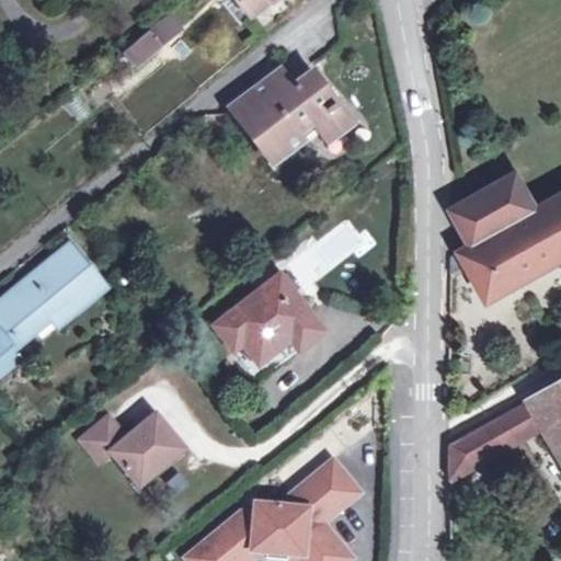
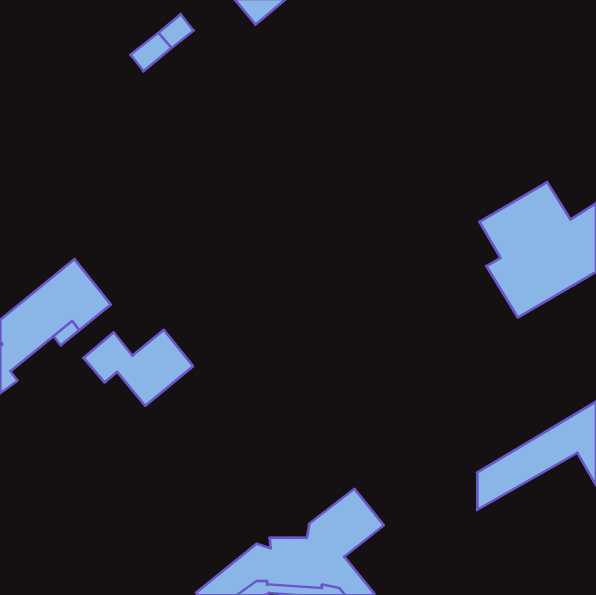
building: [228,70,352,162] -> none
building: [215,274,322,385] -> none
building: [82,414,185,485] -> [83,330,193,406]

